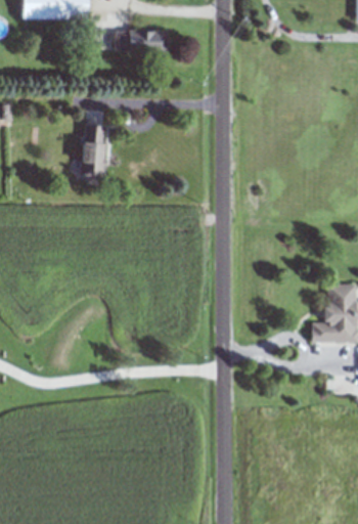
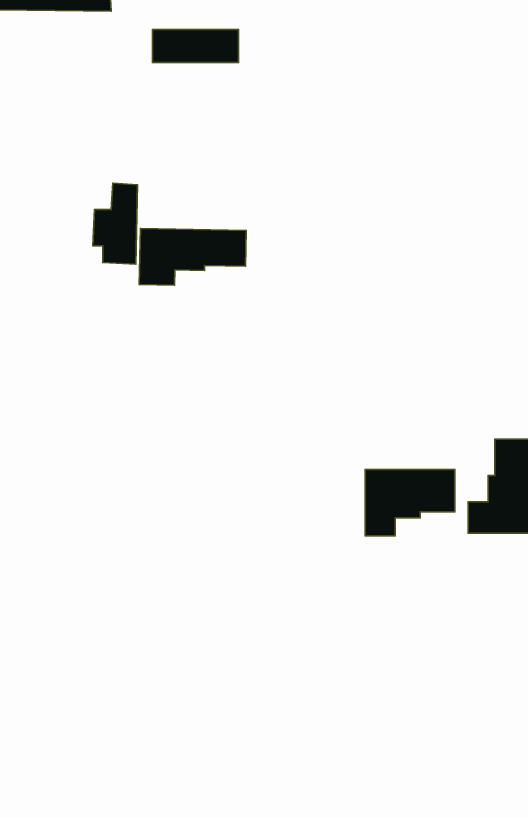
building: none -> [139,228,246,285]
building: none -> [365,469,455,536]

